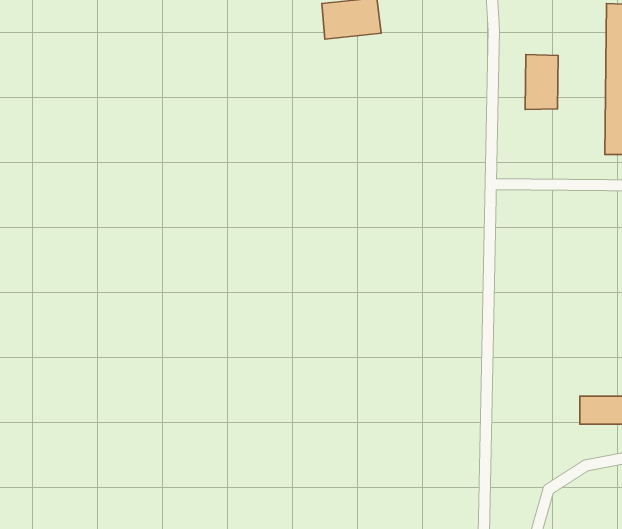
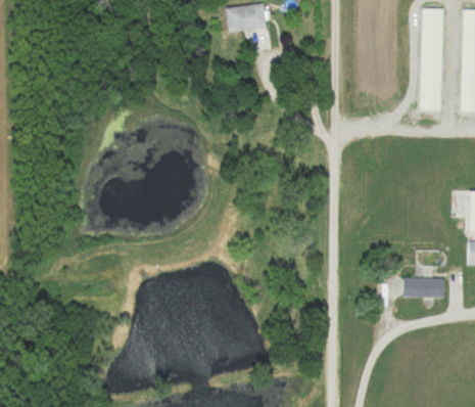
building: [525,55,558,109] -> none

